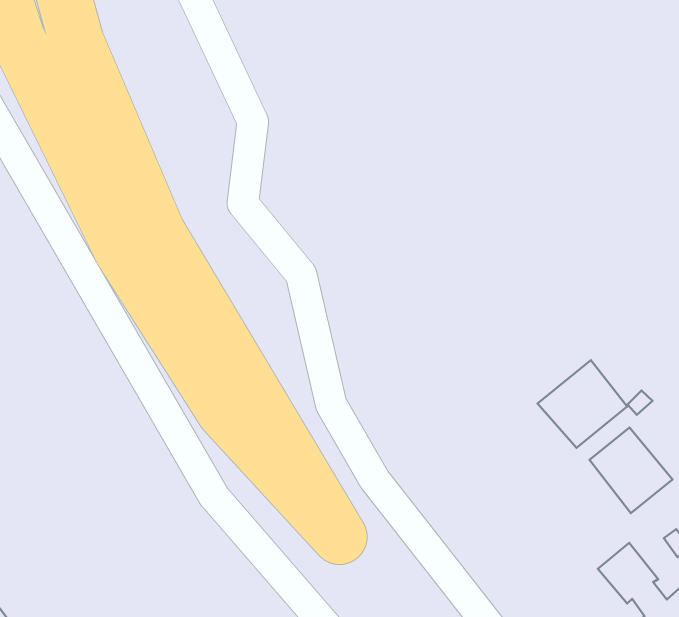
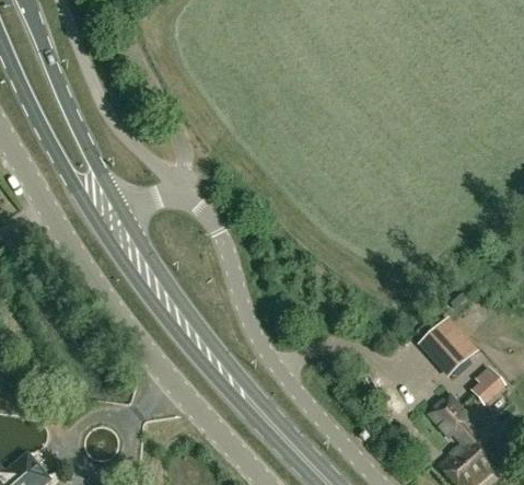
building: [538,360,627,448] -> none

